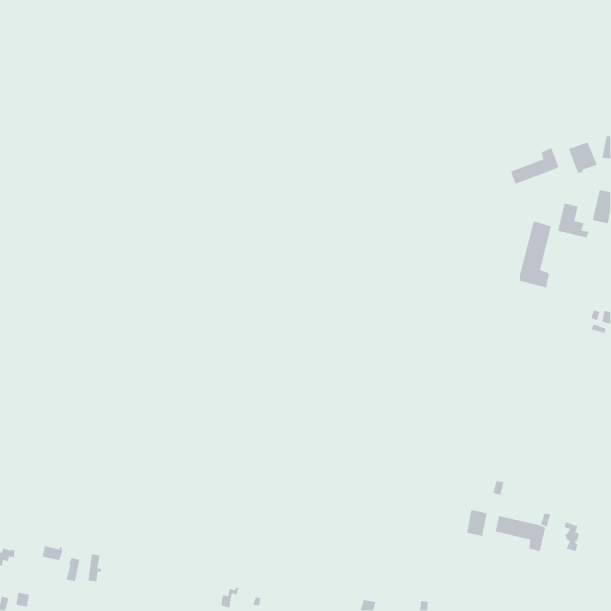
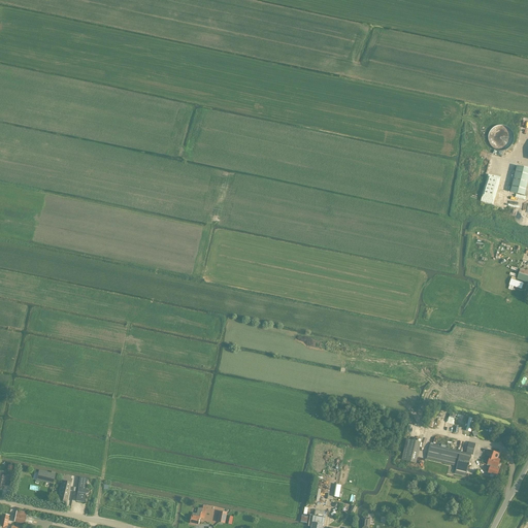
building: [510,147,559,185] -> none
building: [519,221,552,288] -> none

